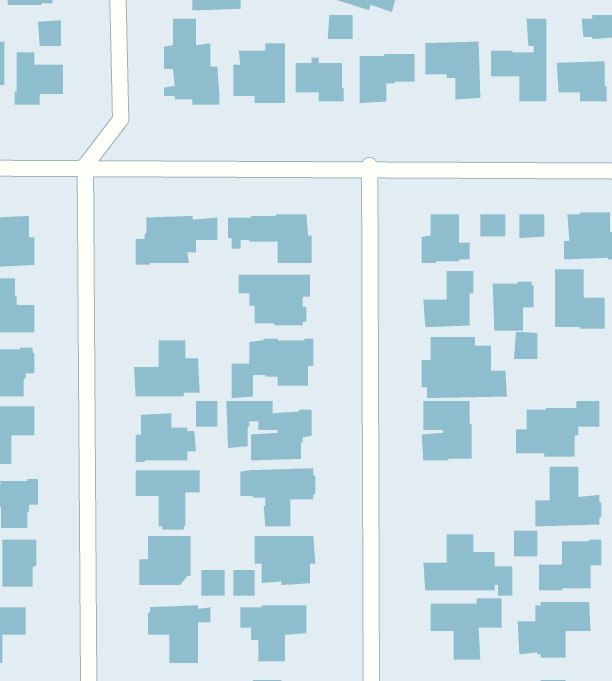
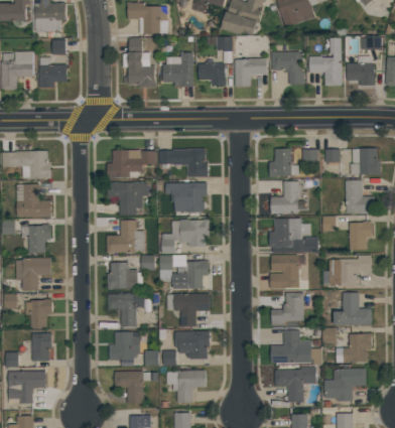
building: none -> [108,181,148,216]
building: [492,281,534,331] -> [348,222,372,250]
building: none -> [271,293,303,324]

